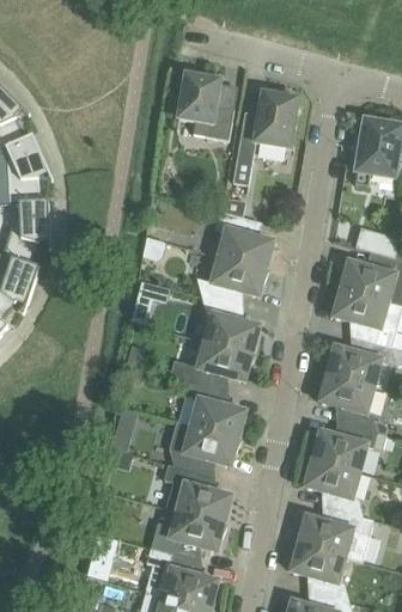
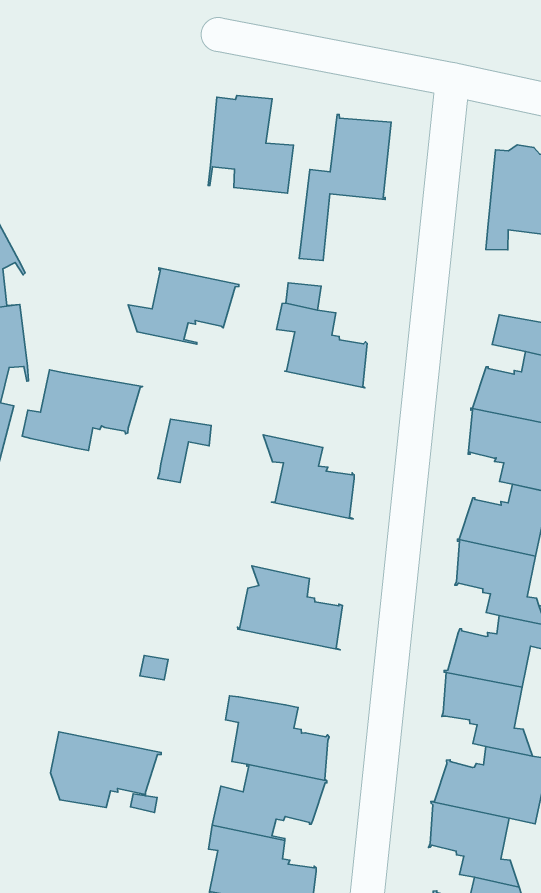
building: none -> [22,370,143,450]
building: [196,255,269,306] -> [128,268,239,344]
building: [170,339,255,388] -> none
building: [169,421,242,472] -> [51,732,161,808]

